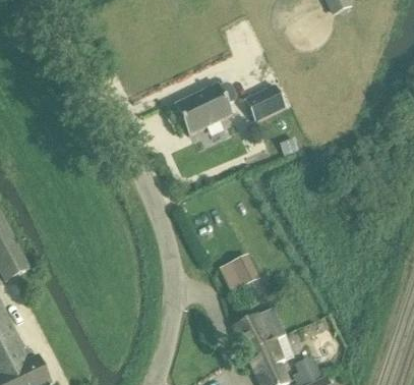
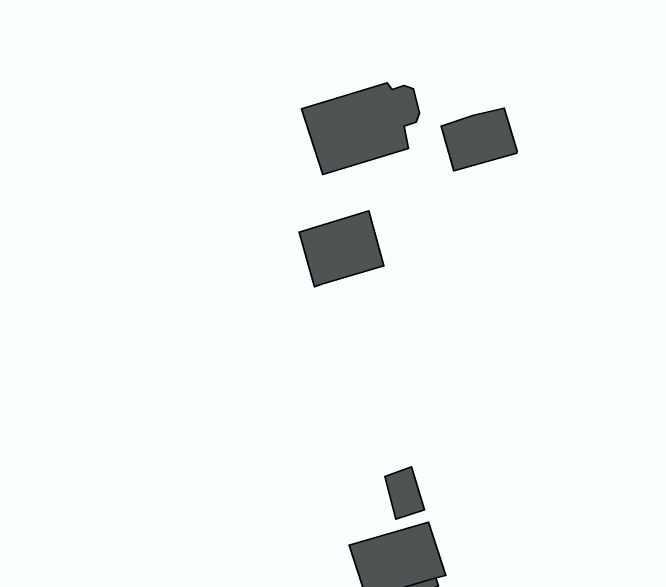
building: none -> [299,211,384,287]
building: [229,253,257,285] -> none

